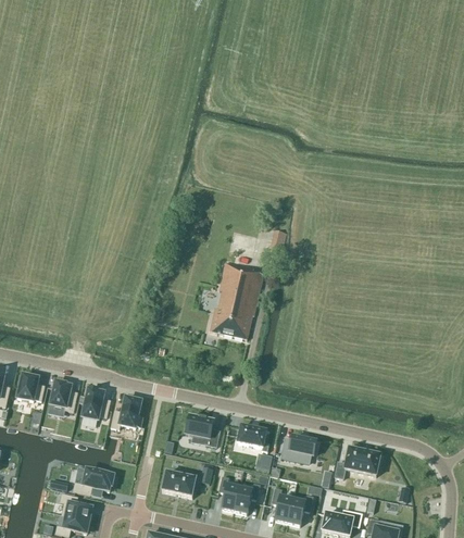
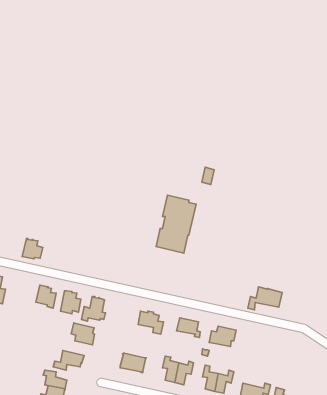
building: [17,374,45,401] -> [22,239,43,259]
building: none -> [71,323,95,345]
building: [335,448,380,478] -> [248,287,282,310]

